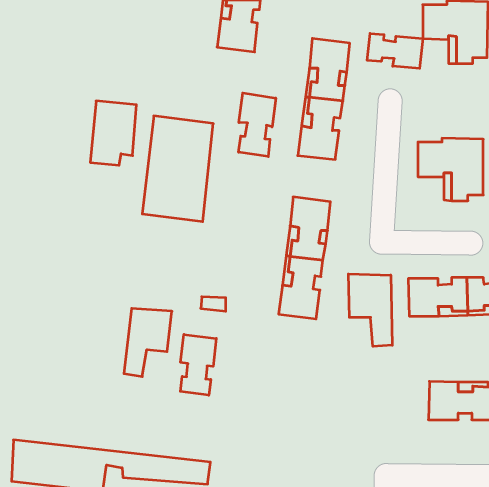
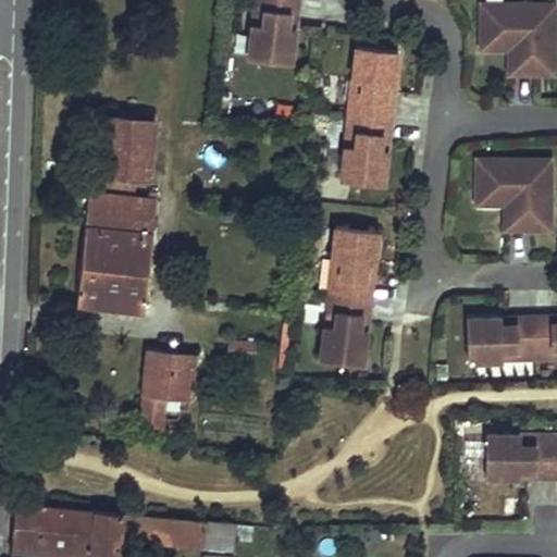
building: [367,33,423,68] -> none
building: [239,93,276,157] -> none
building: [142,116,213,222] -> [78,193,159,312]
building: [348,274,392,346] -> none
building: [180,334,216,395] -> none

